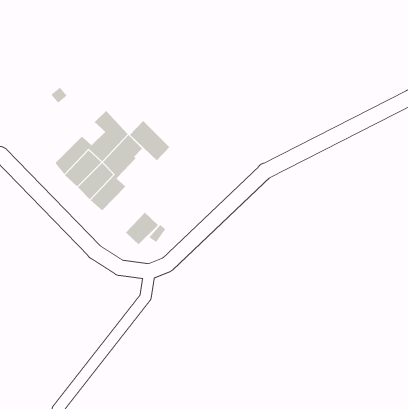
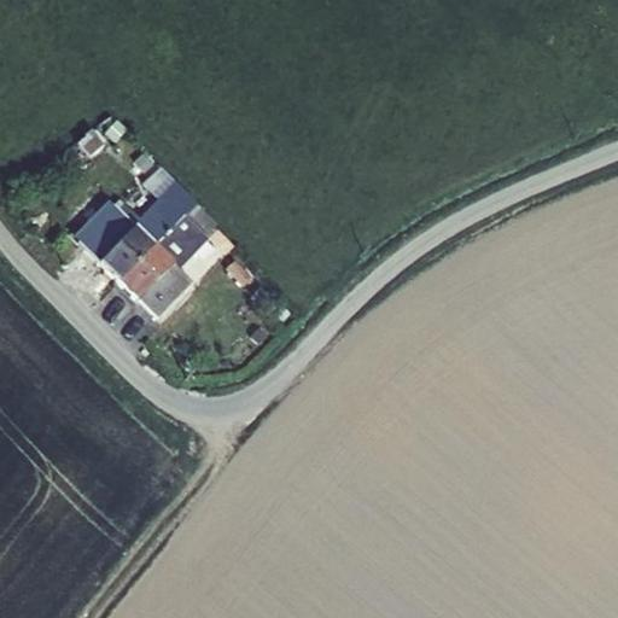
building: [129,120,170,161] -> none
building: [125,212,159,245] -> none

